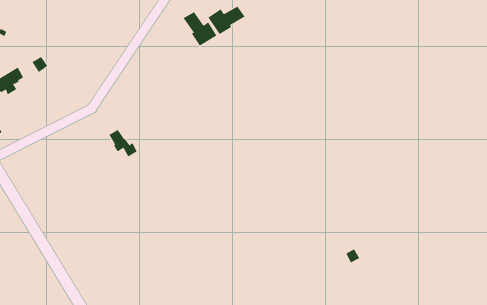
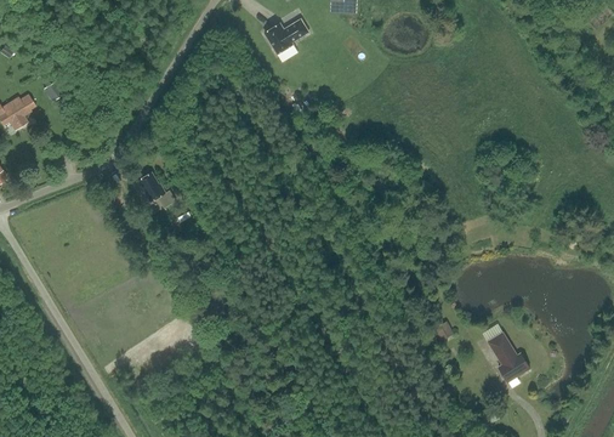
building: [183,11,217,47] -> none
building: none -> [487,331,529,381]

